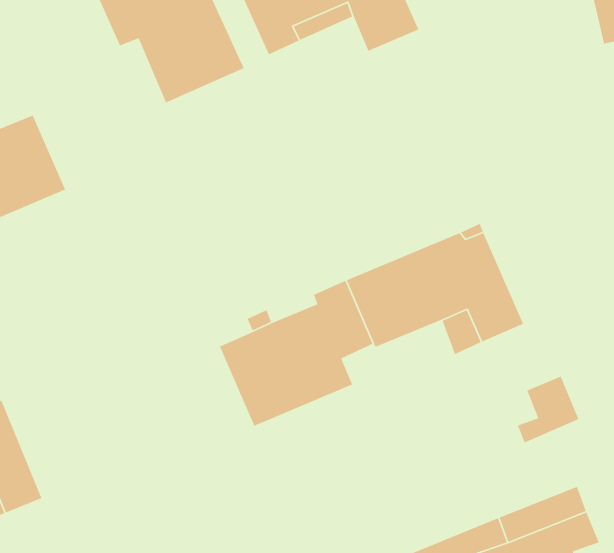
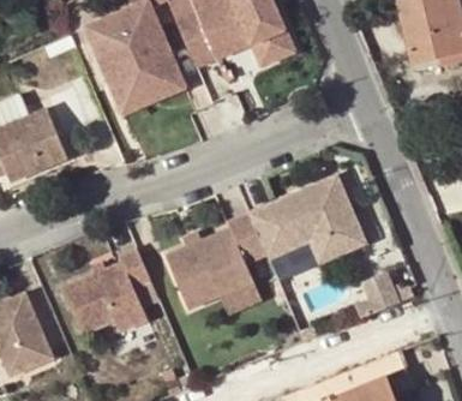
building: none -> [100,58,185,115]
building: none -> [59,252,146,335]

